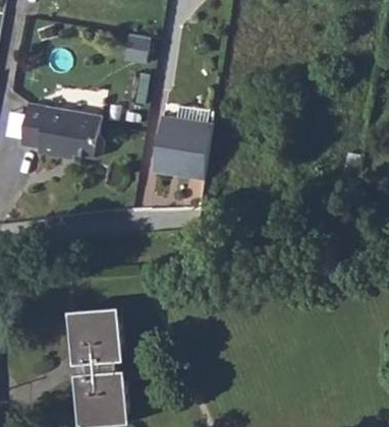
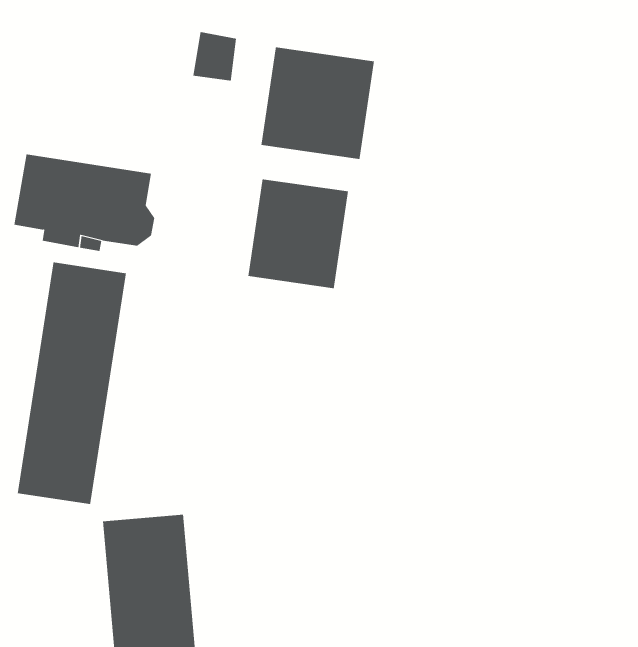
building: none -> [261,46,375,160]
building: none -> [17,261,126,505]

